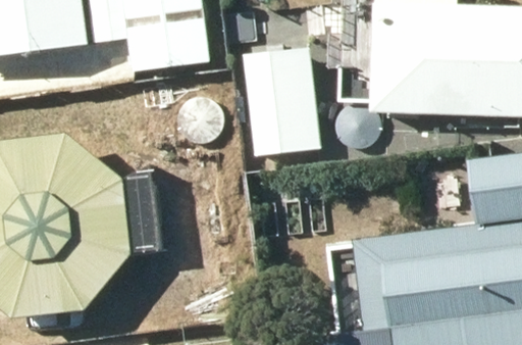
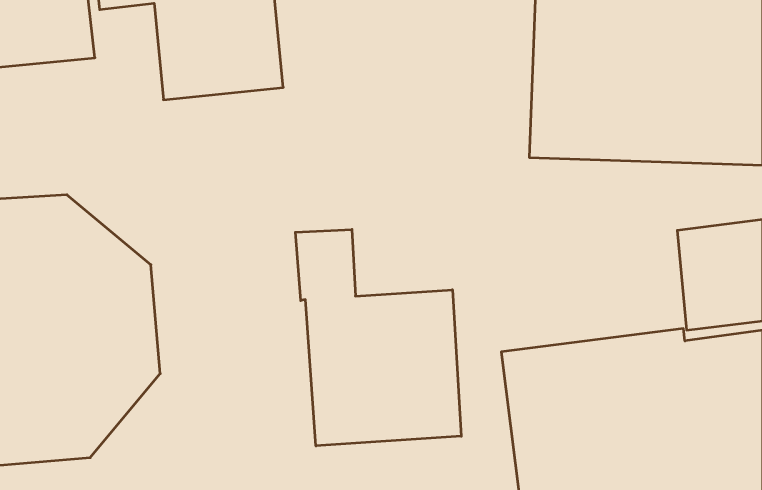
building: [246,51,313,155] -> none
building: none -> [295,229,461,446]

